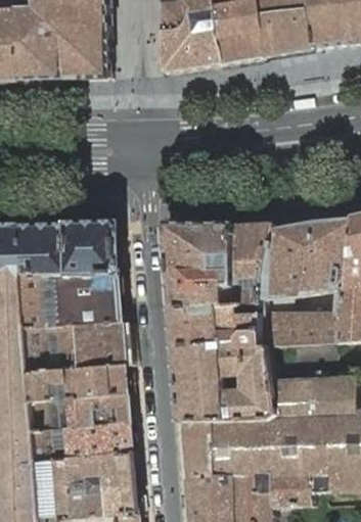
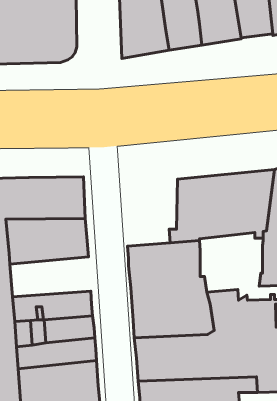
building: [166,224,233,309] -> none
building: [262,312,340,346] -> none
building: [24,322,125,372] -> none

